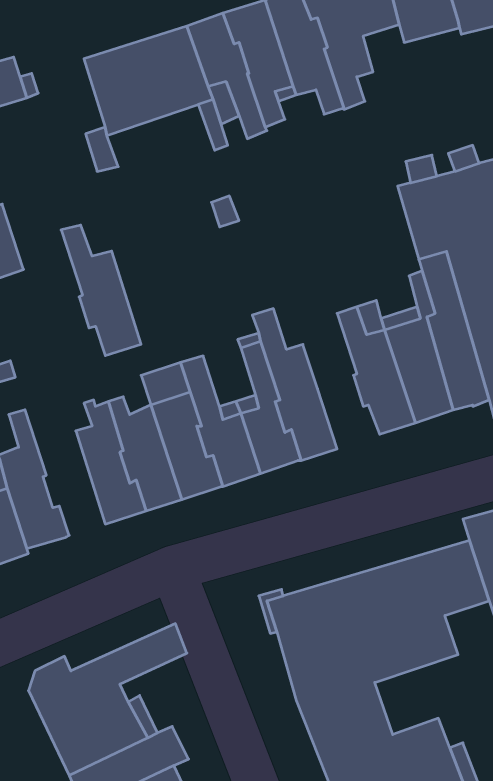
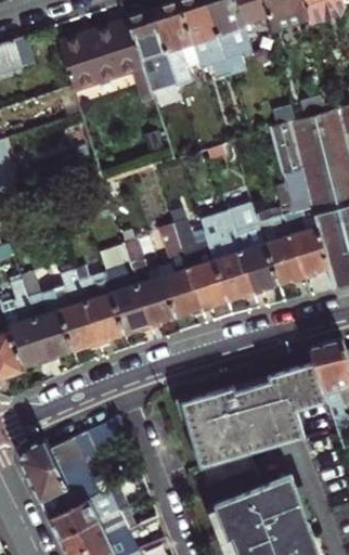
building: [61,225,141,356] -> [18,272,72,359]
building: none -> [201,211,254,301]

